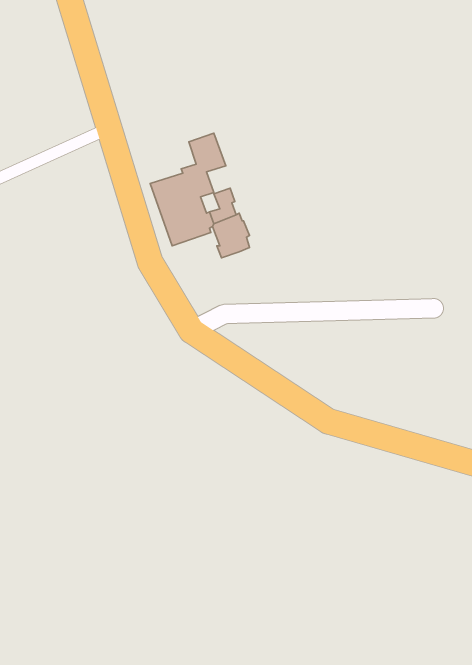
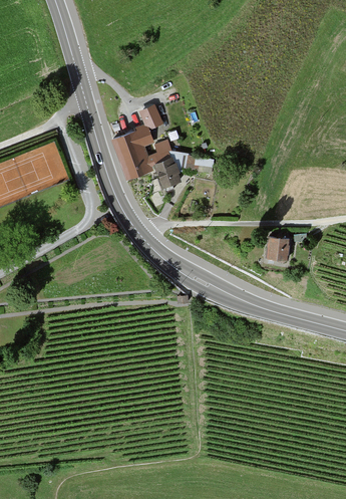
building: none -> [266,235,290,261]

